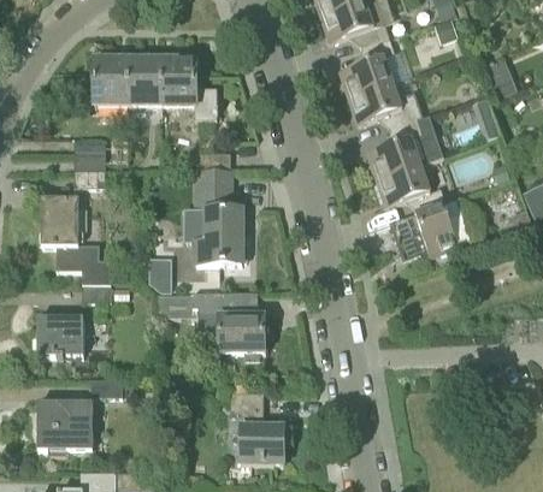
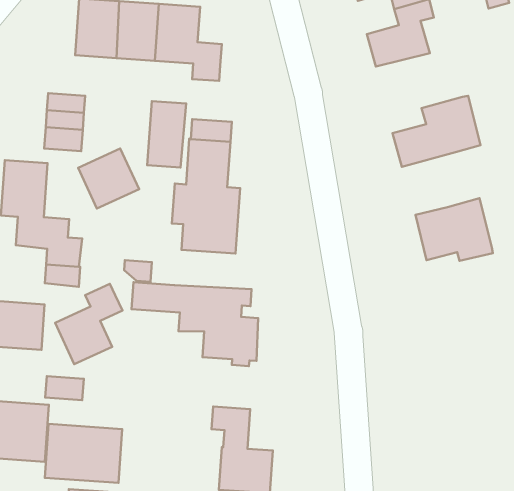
building: [348,82,423,129] -> none
building: none -> [147,101,186,168]
building: [376,164,445,211] -> none
building: none -> [78,148,139,208]
building: none -> [55,284,122,364]
building: none -> [45,424,122,483]

